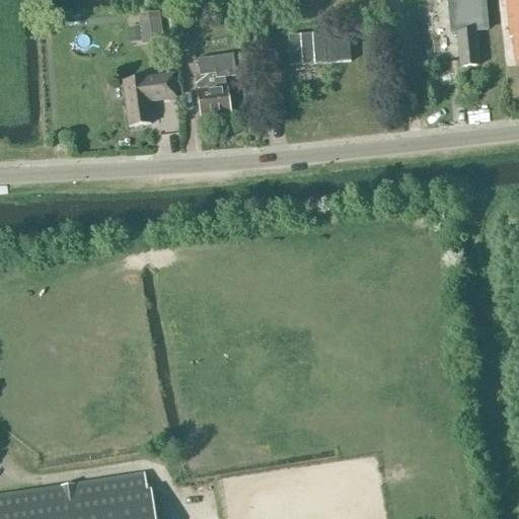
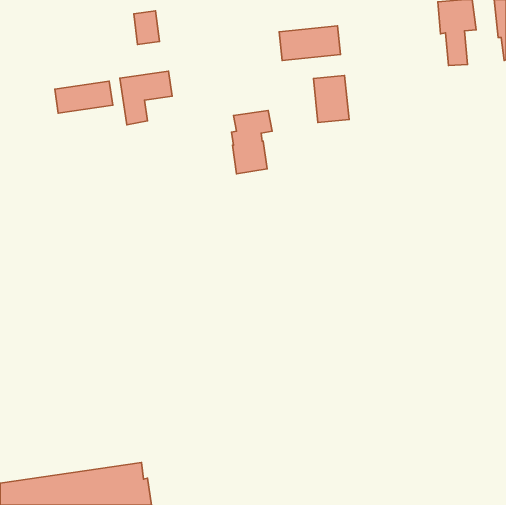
building: [195,55,236,120] -> [231,110,272,174]
building: none -> [313,75,349,123]
building: none -> [55,81,113,113]

